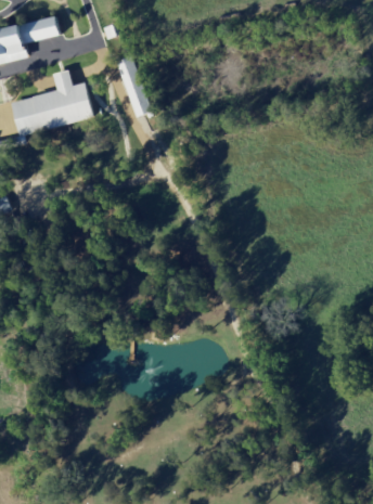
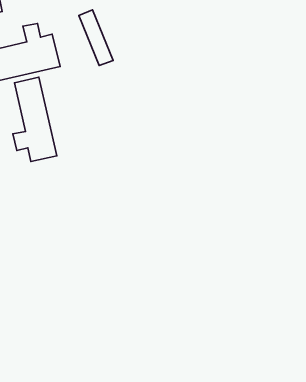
building: none -> [13,77,57,161]

